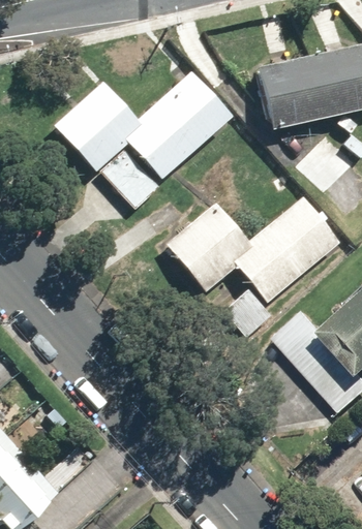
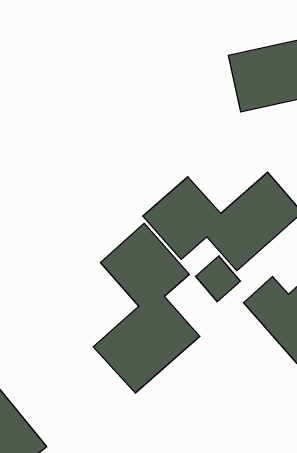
building: [54,67,234,214] -> none
building: none -> [93,223,200,393]

